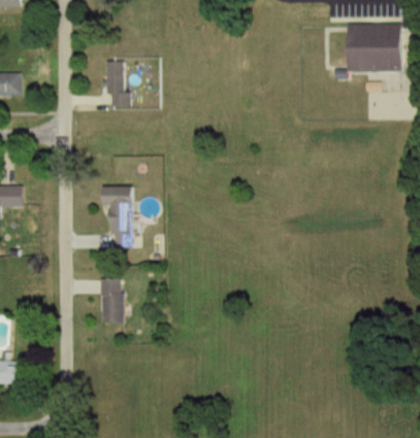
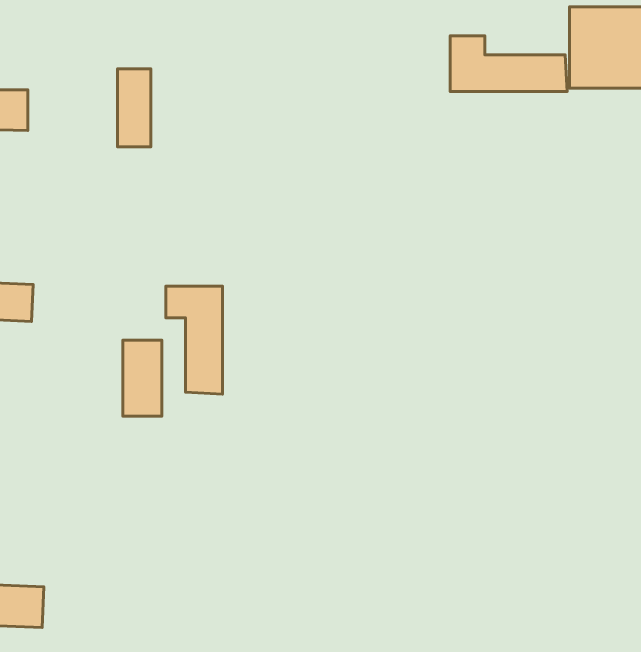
building: none -> [450,36,567,91]
building: [106,61,126,106] -> [117,69,151,147]
building: [101,279,124,324] -> [123,340,162,416]

